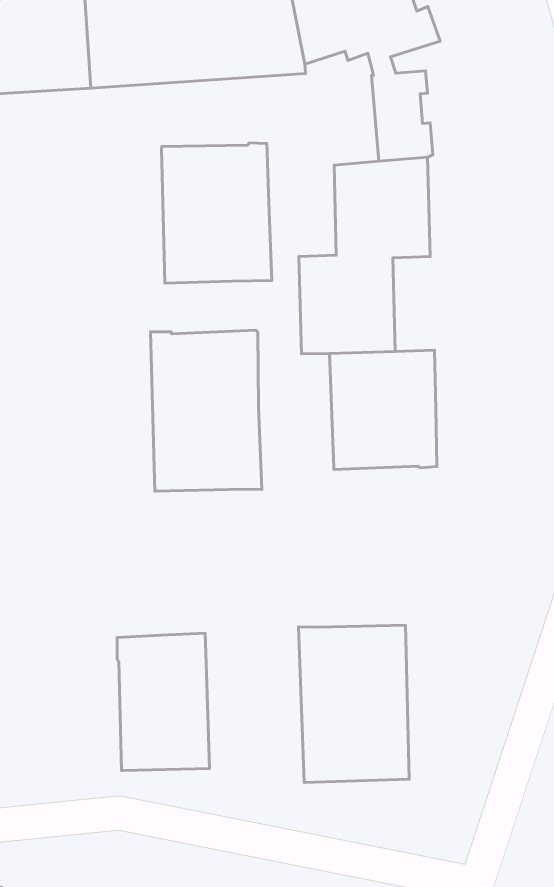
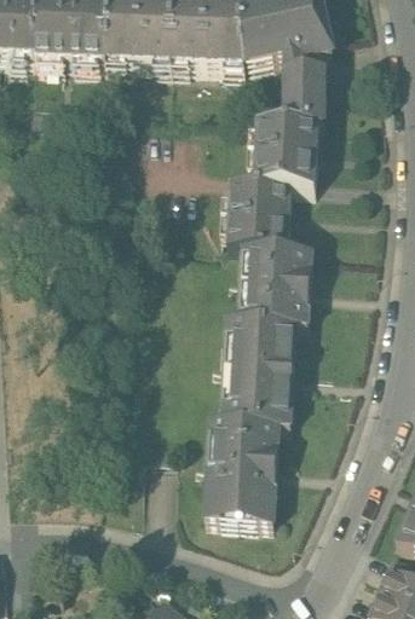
building: [162,143,272,283] -> none
building: [151,330,262,491] -> [223,318,298,426]
building: [117,633,210,770] -> none

